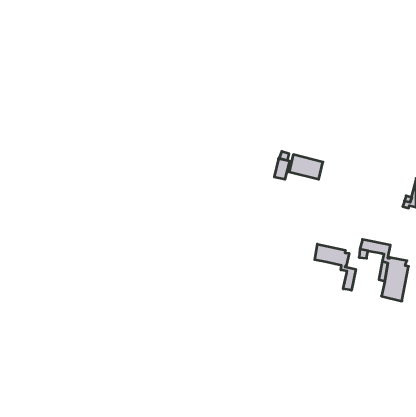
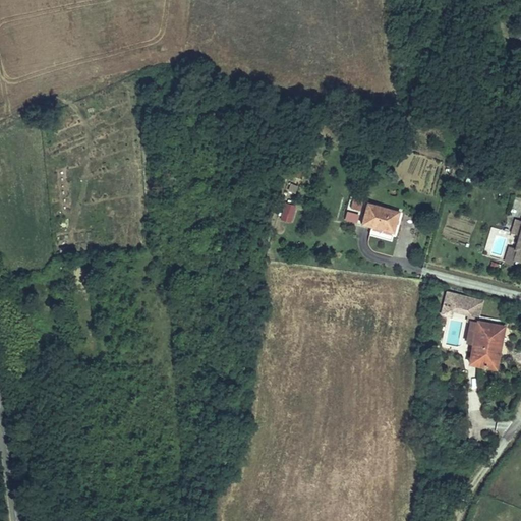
building: [315,244,356,290] -> none

